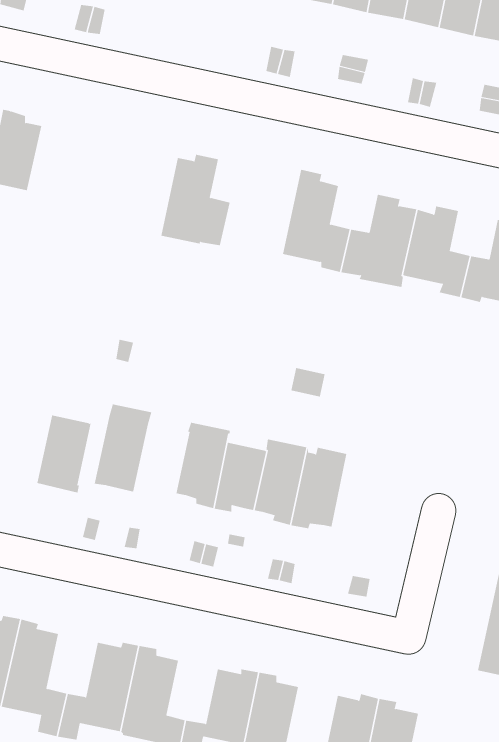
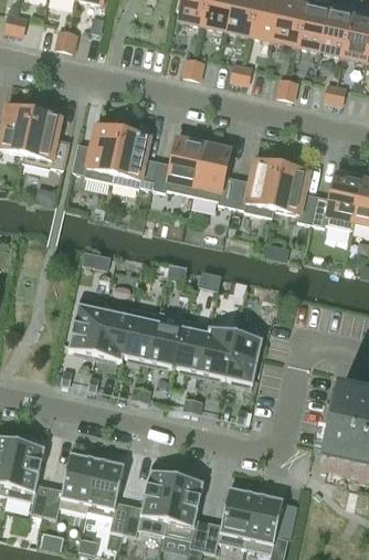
building: none -> [21,108,68,168]
building: none -> [72,120,123,183]
building: none -> [151,136,204,196]
building: [36,415,91,493] -> [94,308,130,360]
building: none -> [225,328,262,387]

